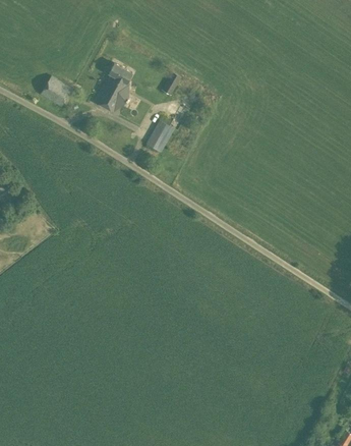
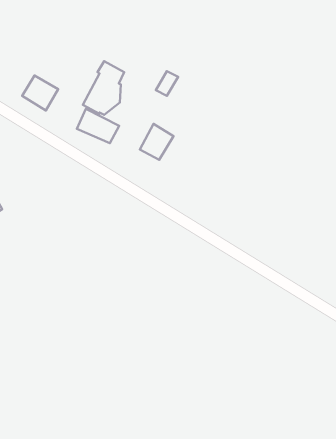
building: none -> [77,109,119,143]

